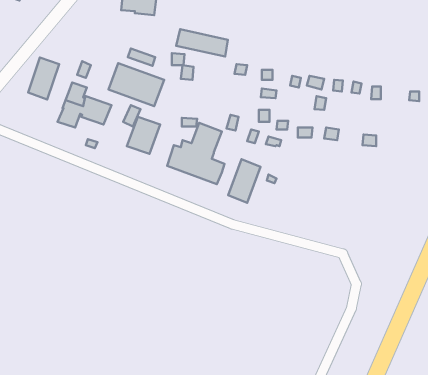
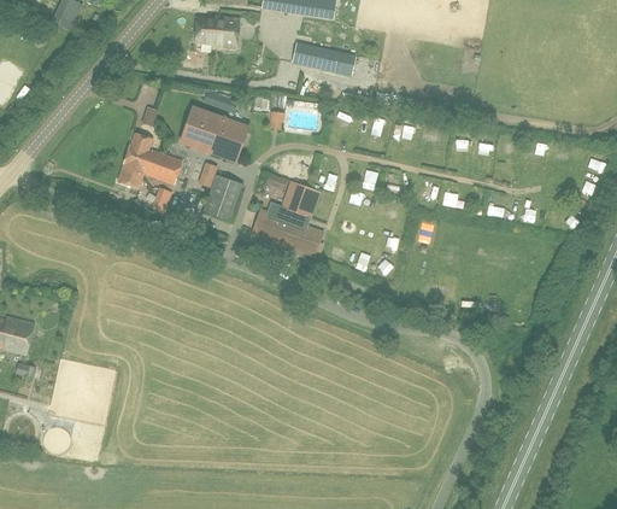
building: [176,29,228,56] -> [292,41,355,75]
building: [28,57,59,100] -> none
building: [228,159,261,203] -> none

